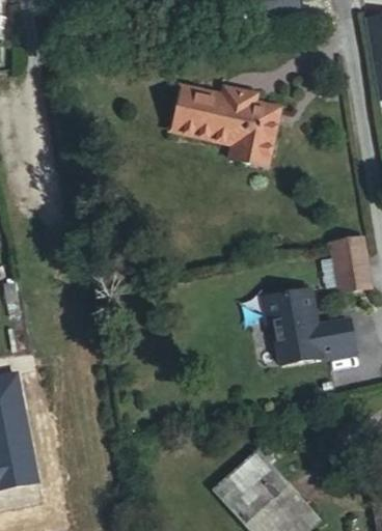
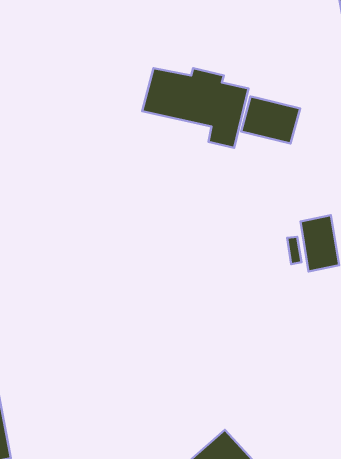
building: none -> [241,96,300,143]
building: [263,287,358,364] -> none

